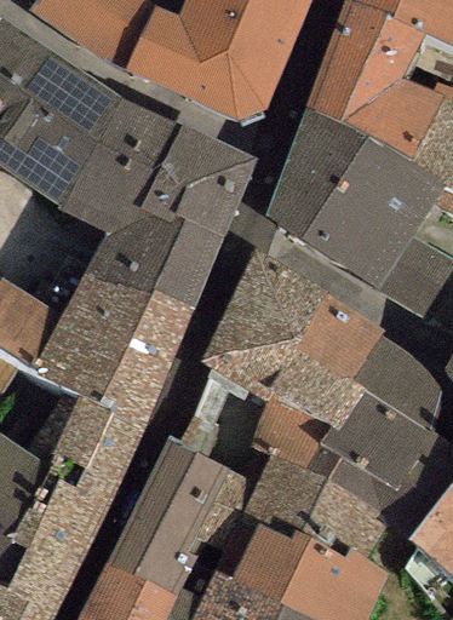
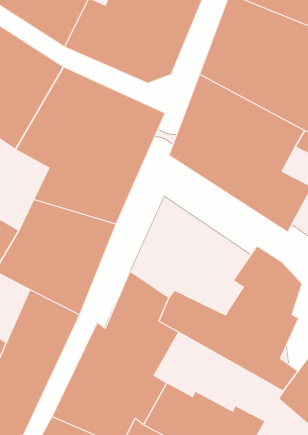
building: [197,247,384,427] -> none
building: [243,450,392,558] -> none

